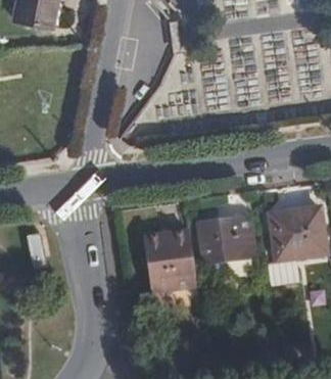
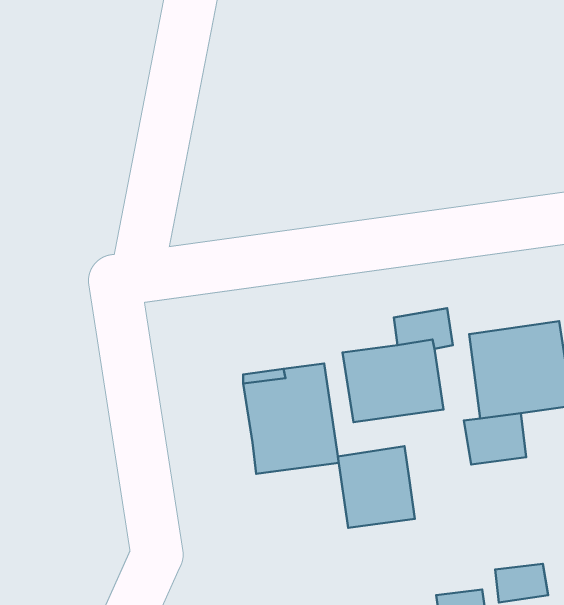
building: none -> [338,446,415,528]

